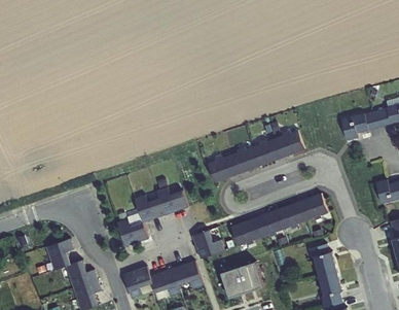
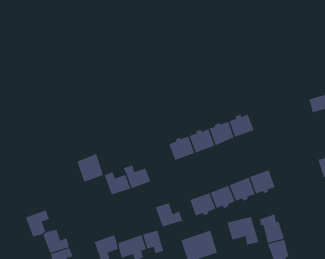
building: [339,112,368,140] -> none
building: [116,213,147,246] -> [76,153,104,182]
building: none -> [227,216,259,245]

